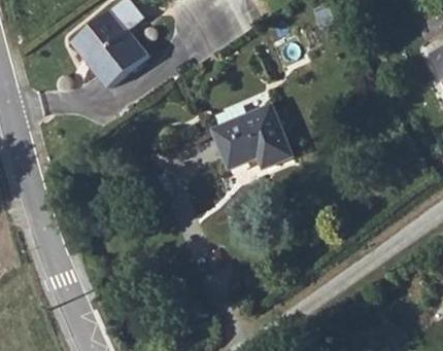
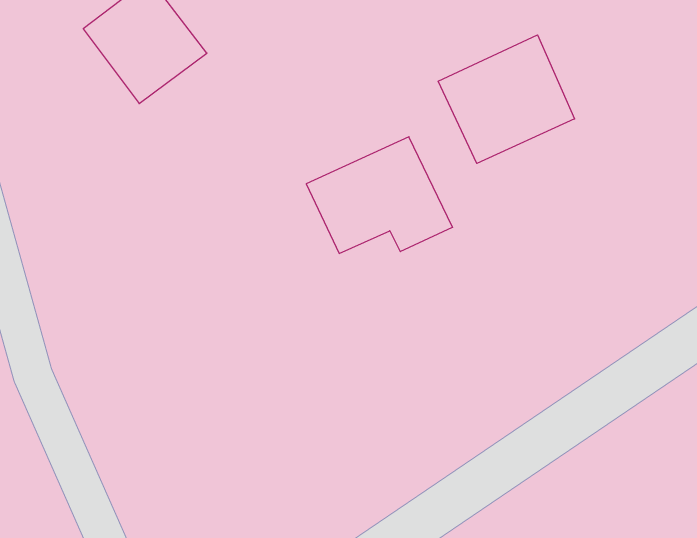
building: none -> [438,35,575,163]

